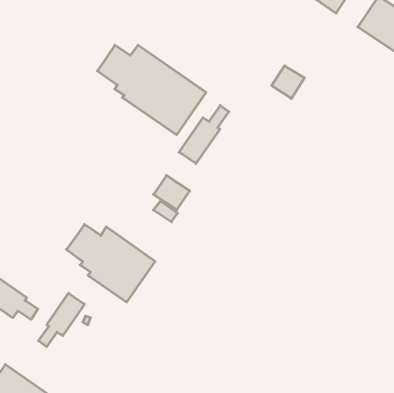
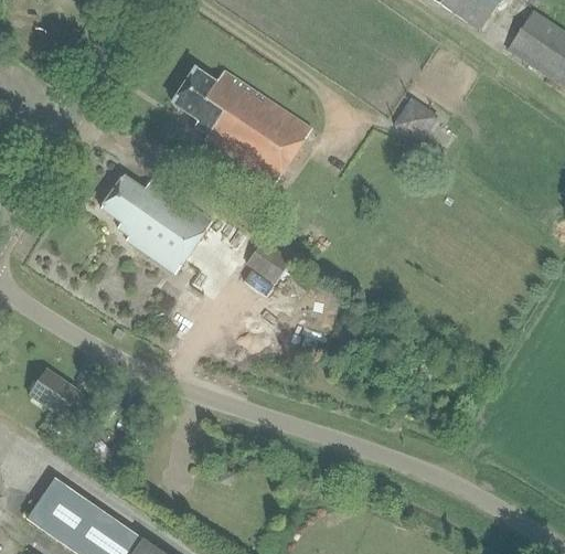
building: [179,105,229,164] -> none
building: [66,224,155,302] -> [100,175,214,275]
building: [39,293,84,347] -> none

